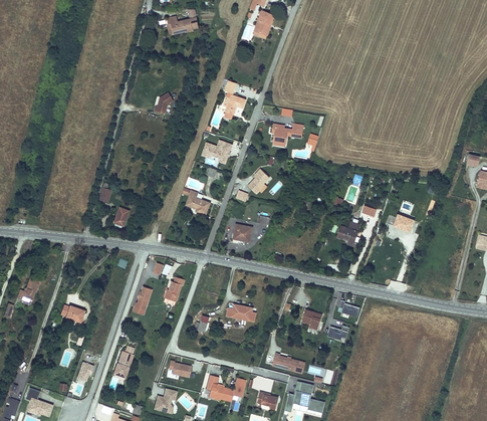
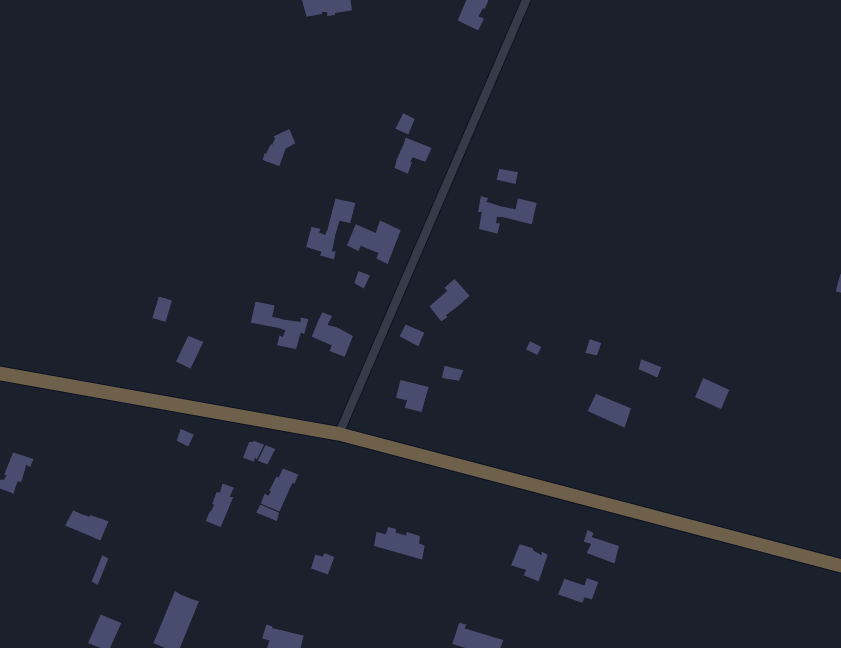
building: none -> [306,198,356,260]
building: none -> [250,301,309,350]

